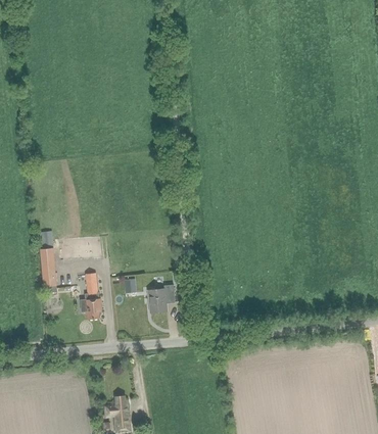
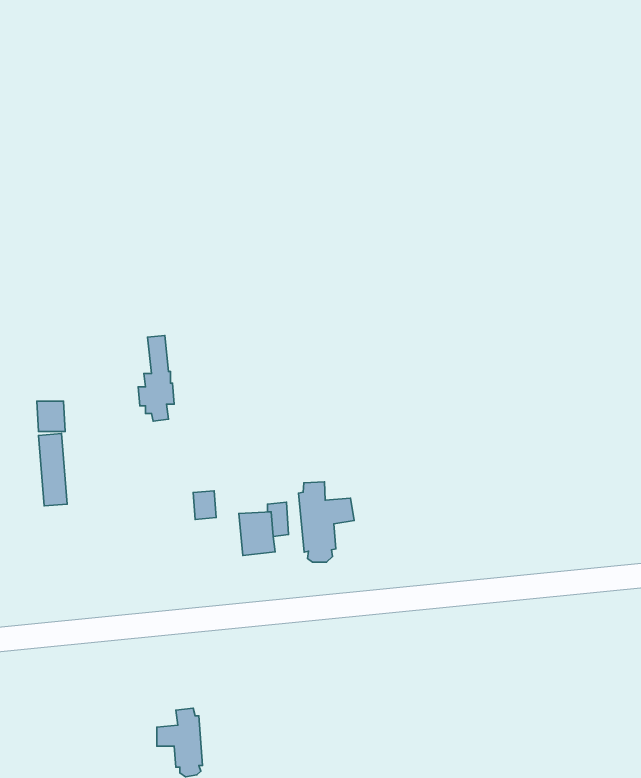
building: [82,272,101,318] -> [138,335,174,421]
building: none -> [299,482,354,562]

